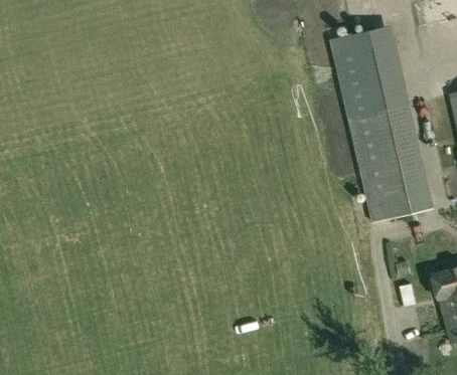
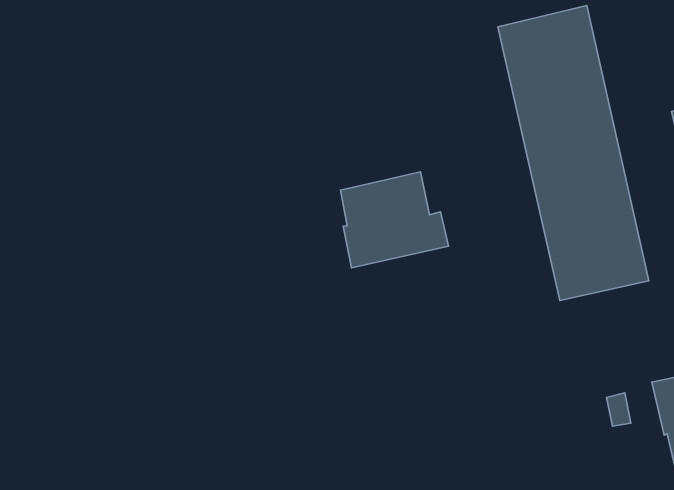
building: none -> [340,172,449,268]

